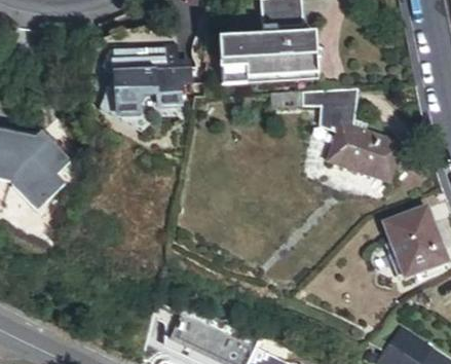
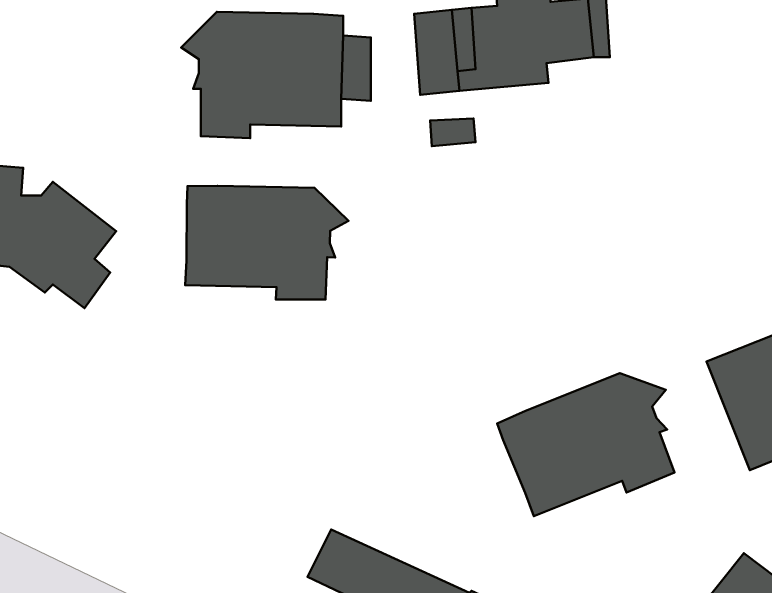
building: [269,87,402,183] -> none
building: none -> [185,186,349,300]
building: none -> [497,373,674,516]

